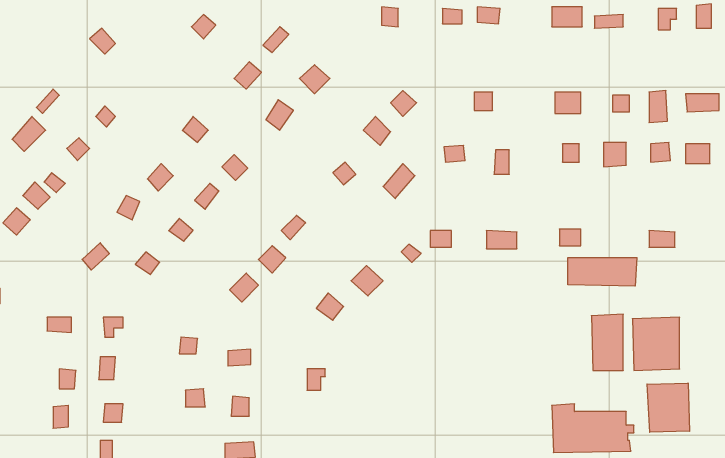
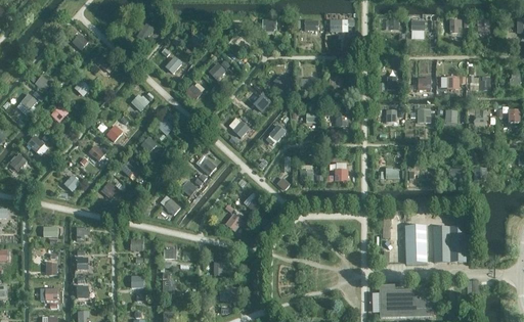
building: [568,258,637,286] -> none
building: [647,383,690,432] -> none

